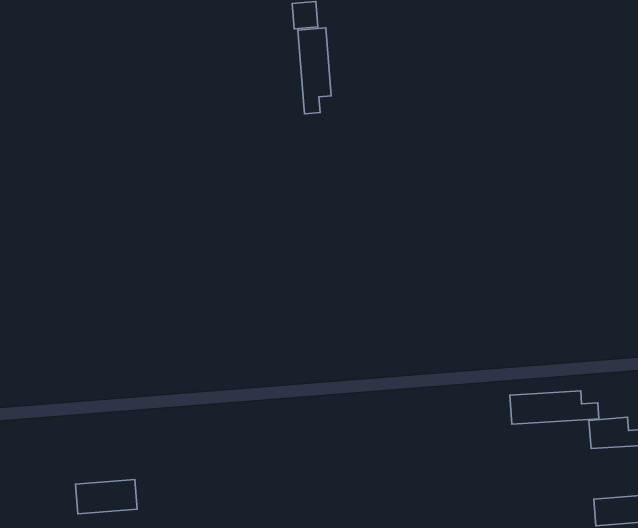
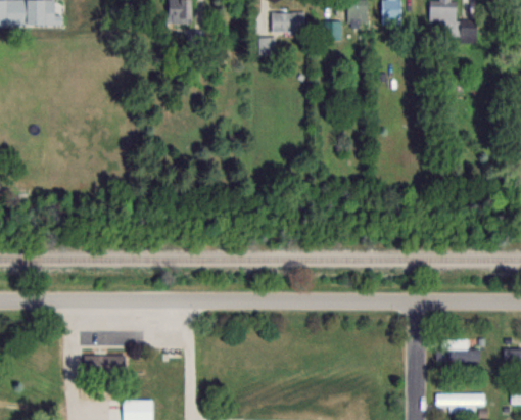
building: [298,28,331,114] -> none
building: [510,391,599,424] -> none

